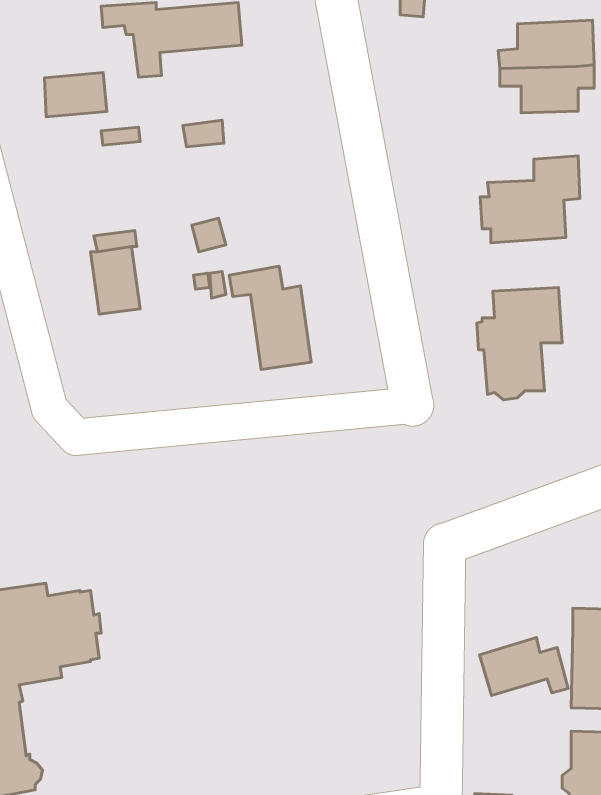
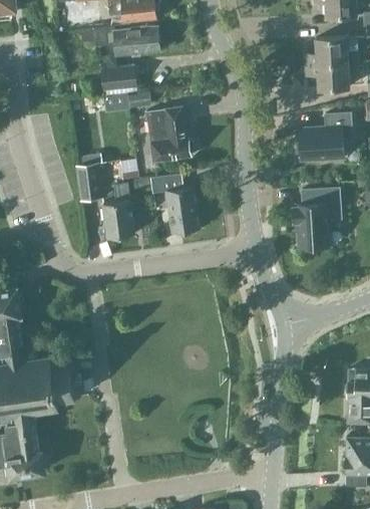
building: [44,72,107,117] -> [101,66,136,91]
building: none -> [145,107,188,162]
building: none -> [101,183,134,239]
building: [479,638,568,695] -> none

